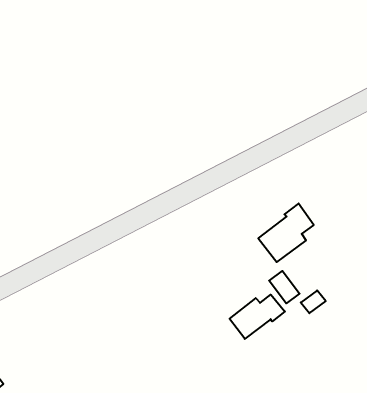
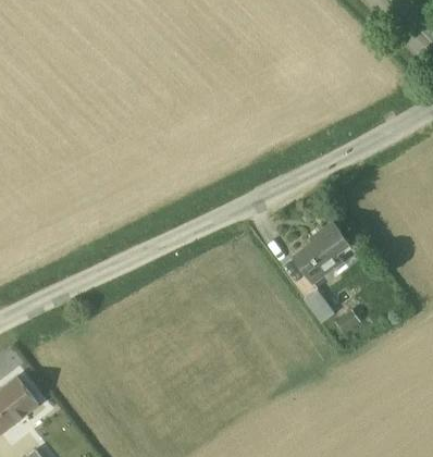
building: [230,295,285,339] -> none

